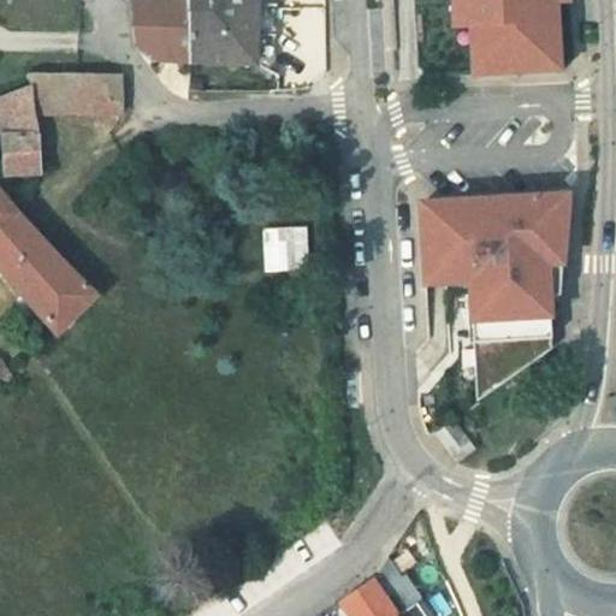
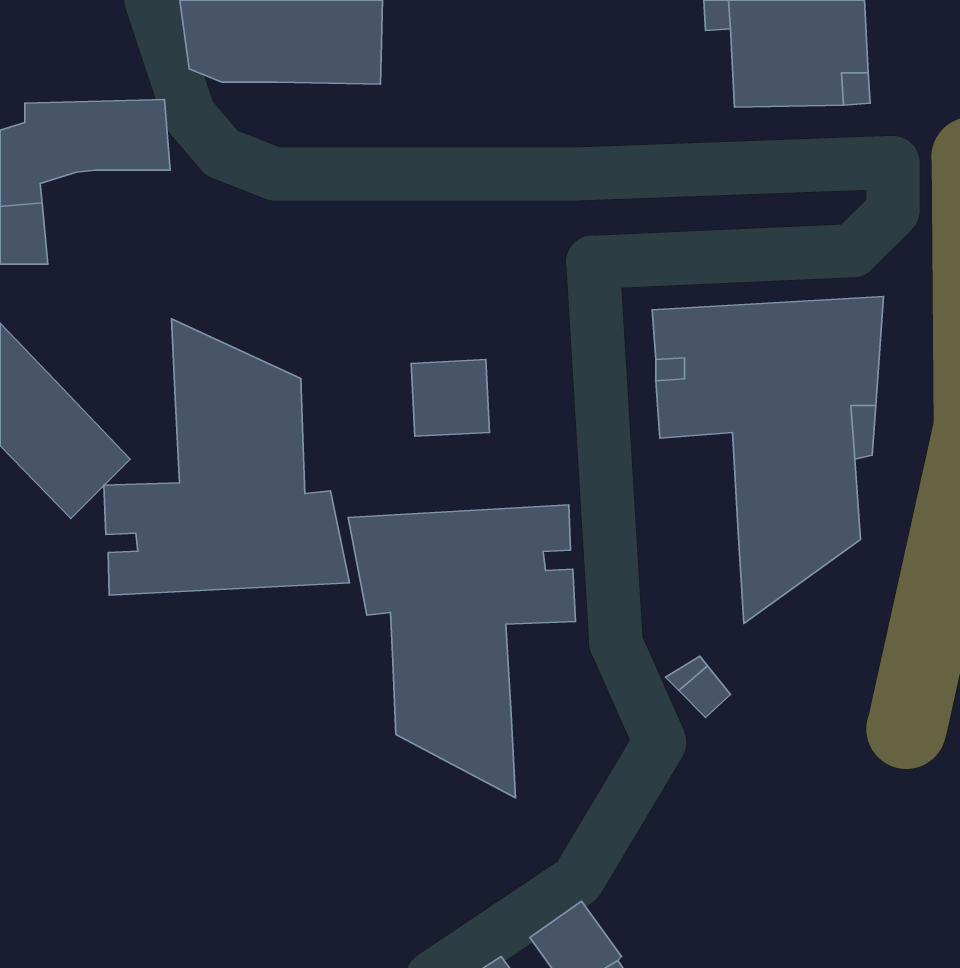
building: none -> [104,319,350,595]
building: none -> [348,505,575,798]

